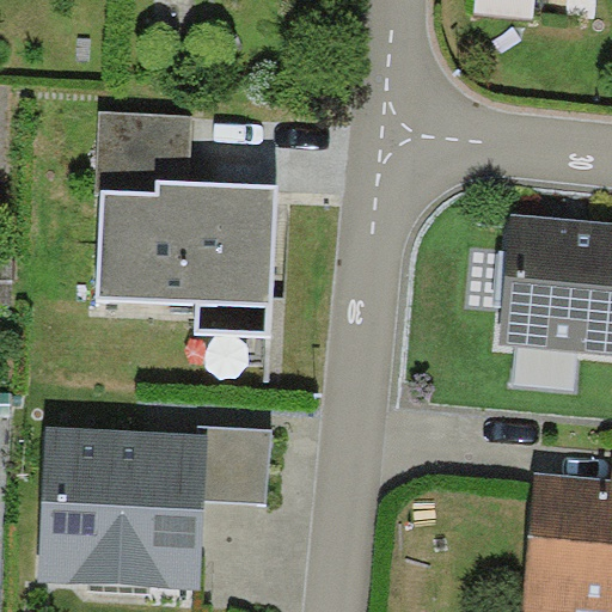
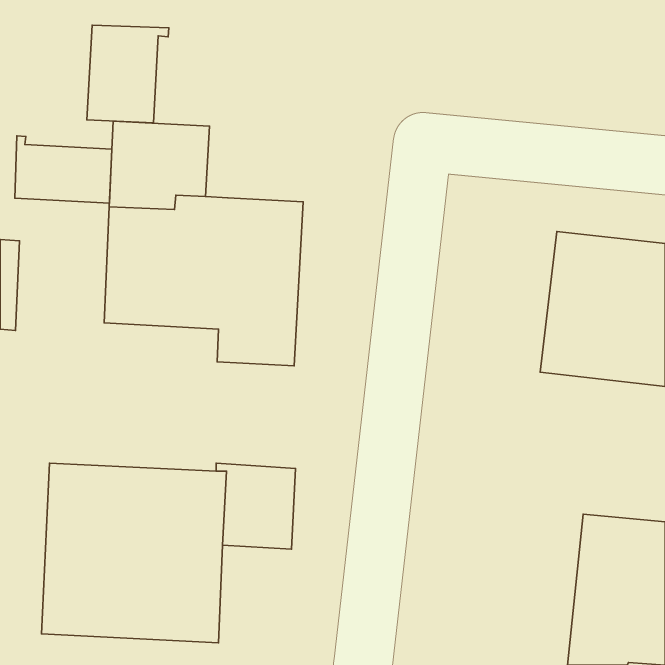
building: none -> [87,25,169,123]
building: none -> [15,136,112,203]

